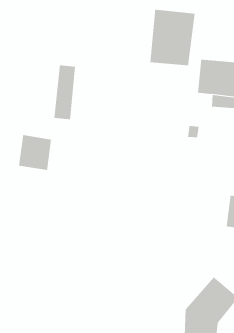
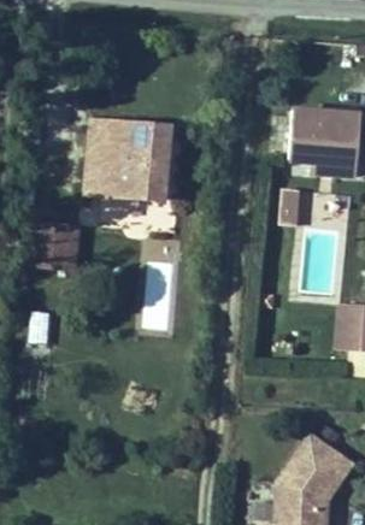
building: [150,9,195,66] -> [107,118,175,201]

